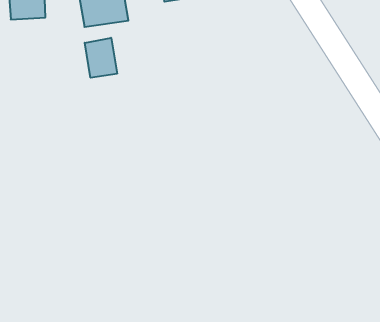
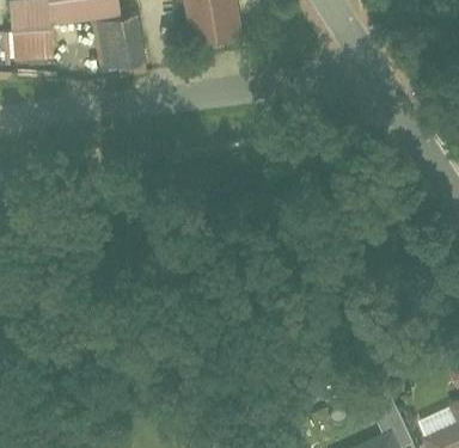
building: [85,38,117,78] -> none

